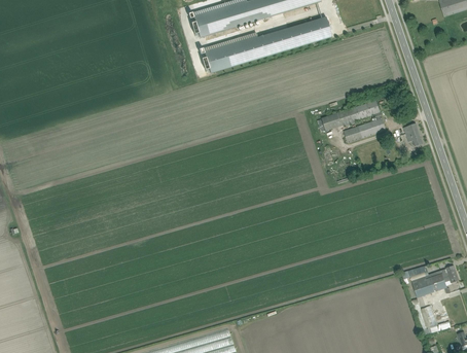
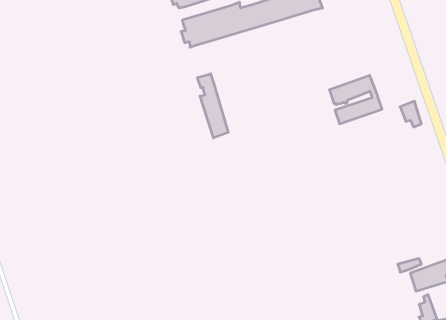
building: none -> [197,74,228,138]

